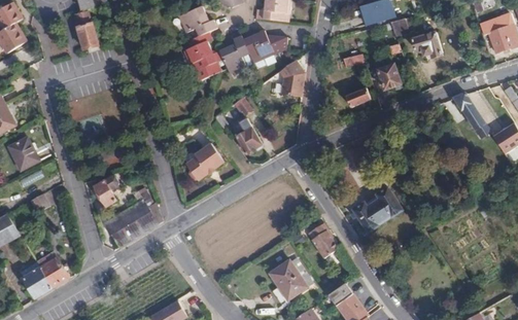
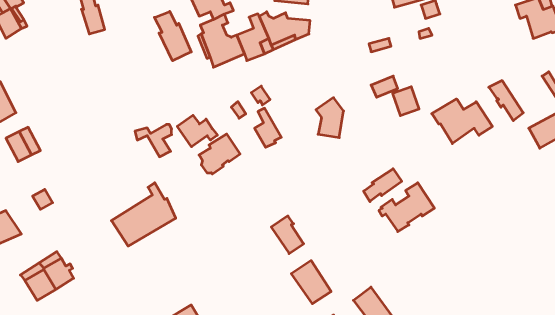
building: none -> [154,11,191,61]
building: [412,32,443,58] -> none
building: [279,60,305,97] -> [316,98,344,138]
building: [377,64,402,91] -> [393,87,419,116]
building: none -> [432,99,492,144]
building: none -> [177,115,217,147]
building: none -> [364,169,402,202]
building: [83,176,117,206] -> [135,125,172,157]
building: [308,225,338,260] -> [271,216,304,254]

